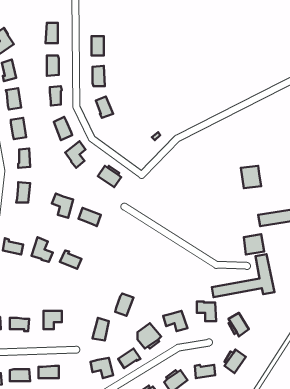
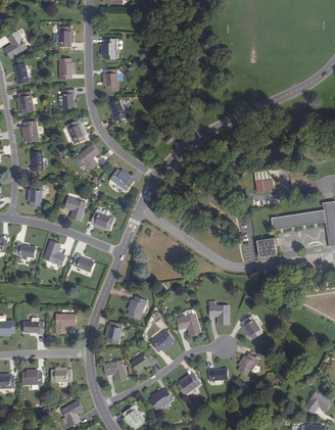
building: [212,254,274,297] -> none

